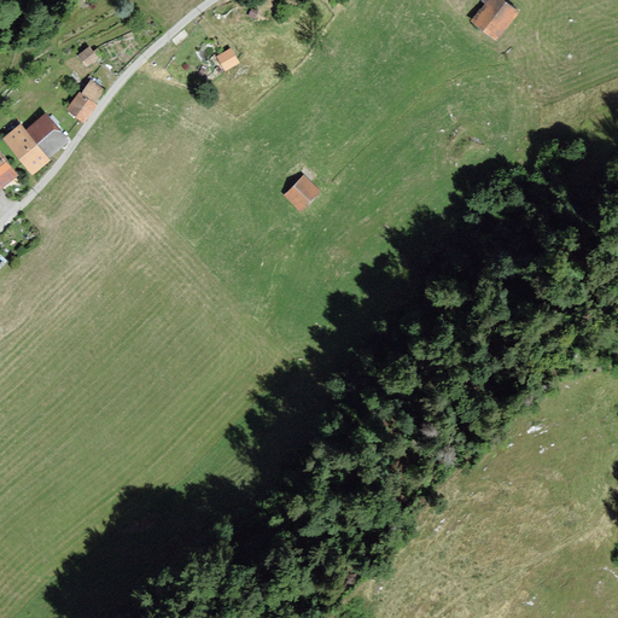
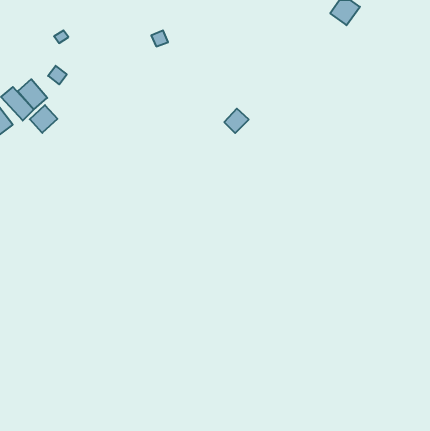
building: none -> [30,105,57,133]
building: [285,176,320,211] -> [224,109,249,133]

